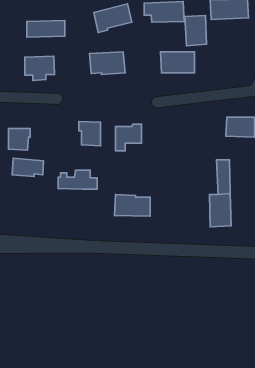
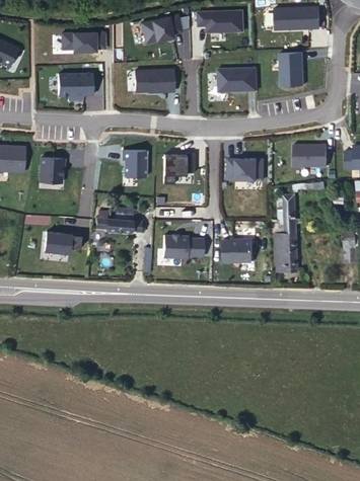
building: [185,16,206,46] -> [279,52,304,87]
building: none -> [226,157,265,180]
building: [12,158,44,176] -> [44,231,80,252]
building: none -> [222,237,253,263]

